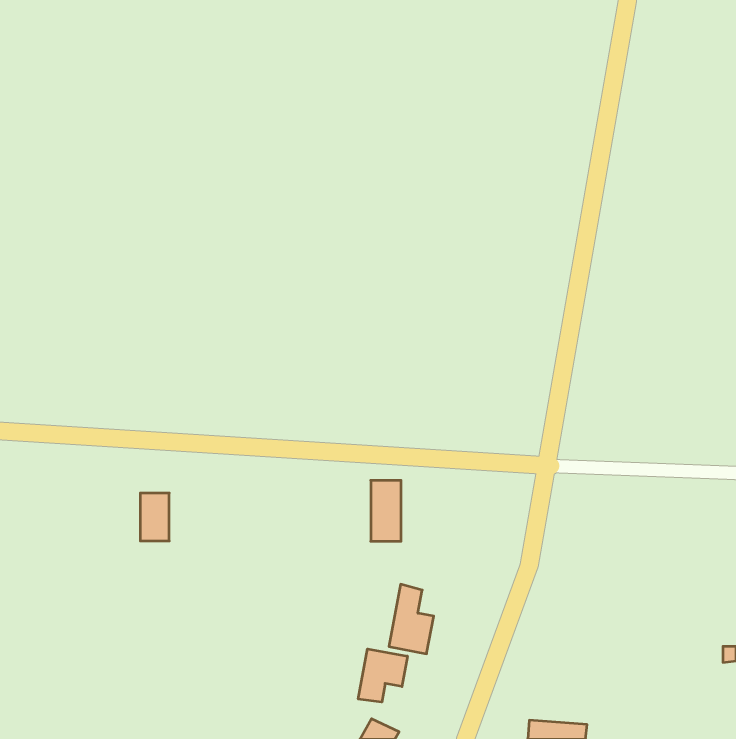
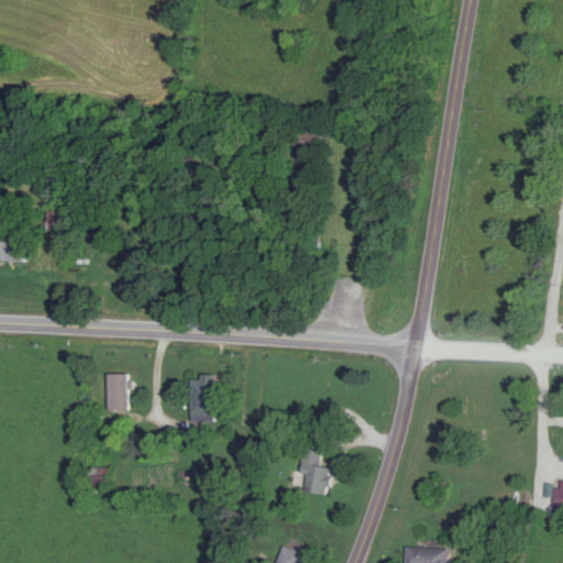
building: [371,480,401,541] -> [190,376,213,422]
building: [358,649,407,702] -> none

